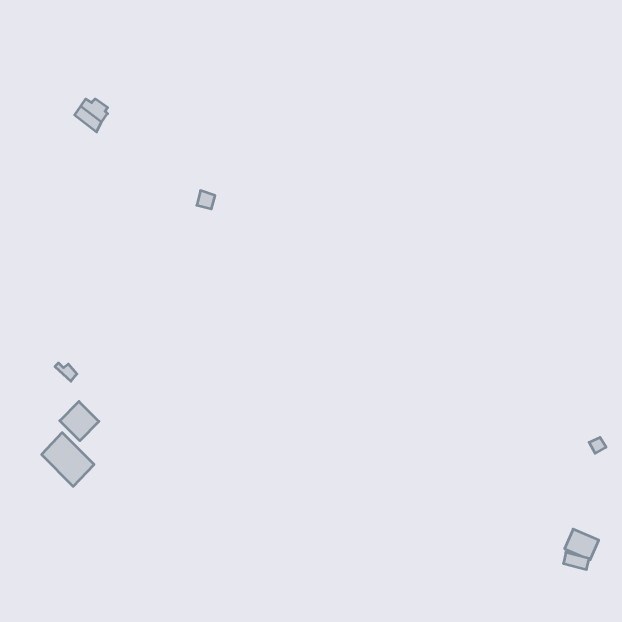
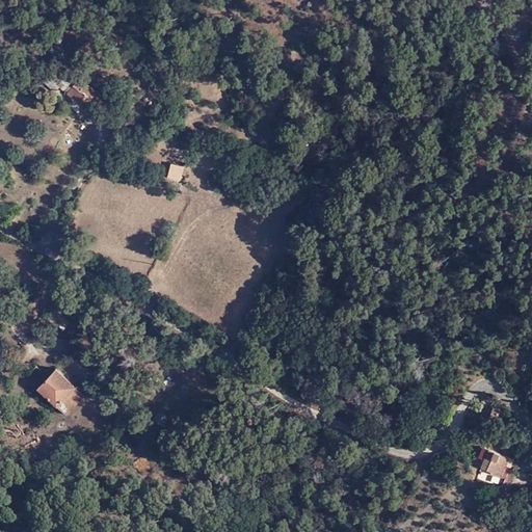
building: [60,401,99,441] -> none

